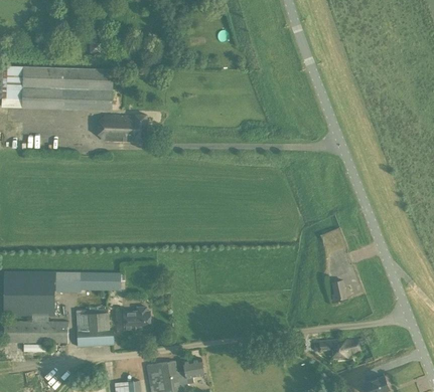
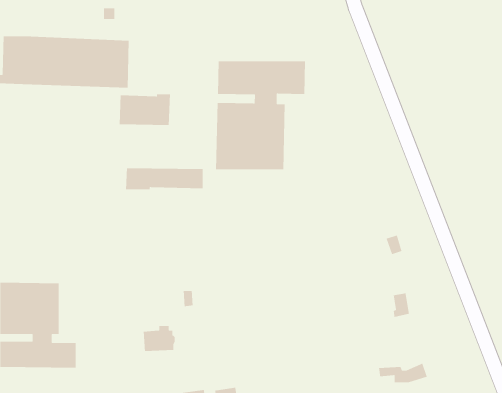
building: none -> [215,60,306,170]
building: [54,271,120,290] -> [125,167,204,190]
building: [75,308,113,346] -> none

